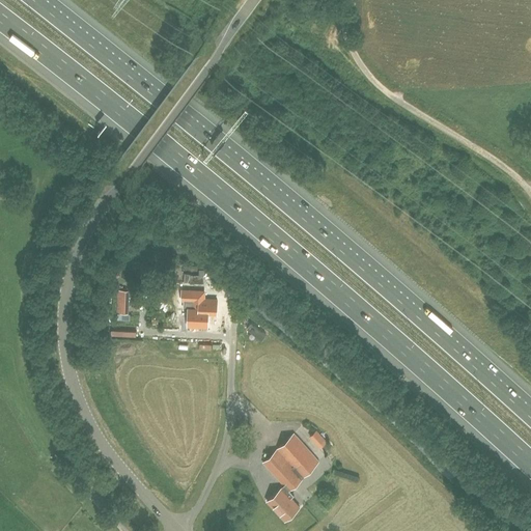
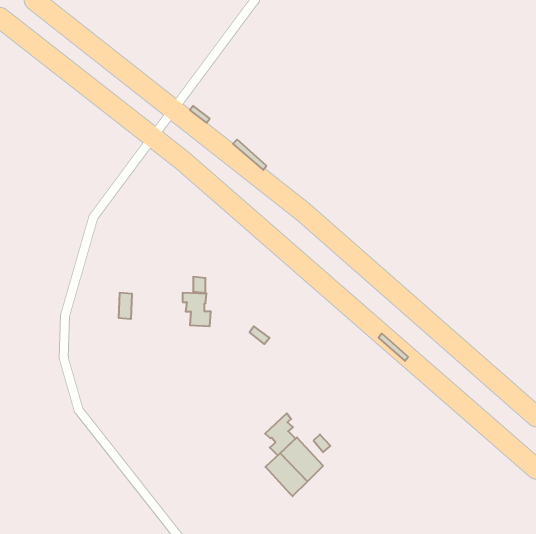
building: none -> [265,413,296,455]
building: [267,490,300,523] -> none

